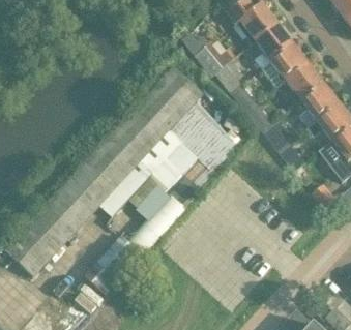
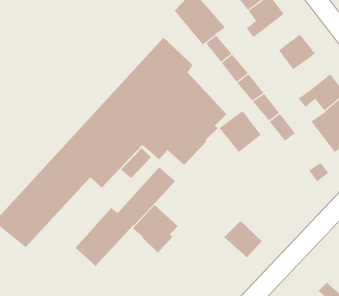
building: [261,42,308,85] -> none
building: [297,82,338,119] -> none
building: none -> [219,110,261,153]
building: none -> [132,204,178,254]
building: none -> [224,220,263,258]

